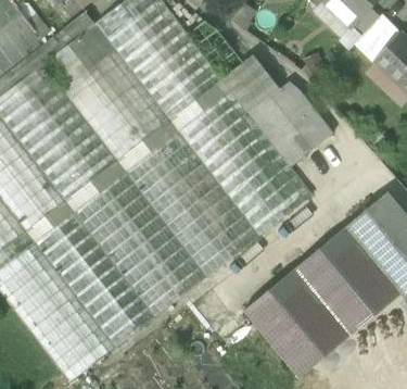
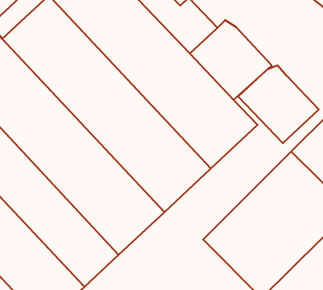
building: none -> [238,65,319,143]

